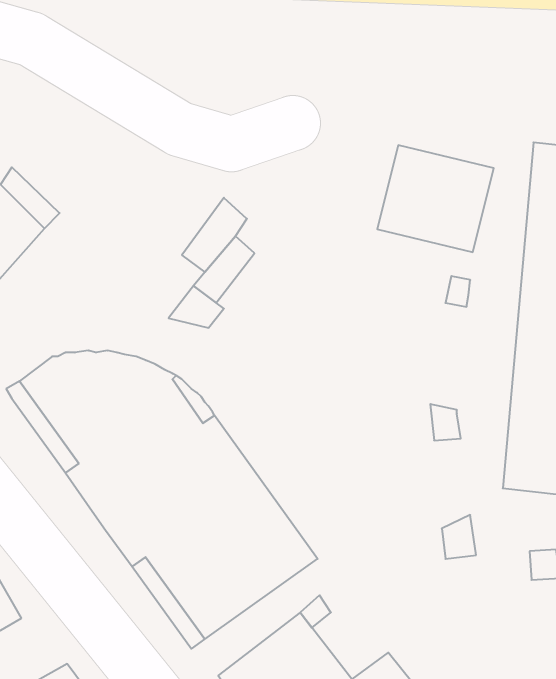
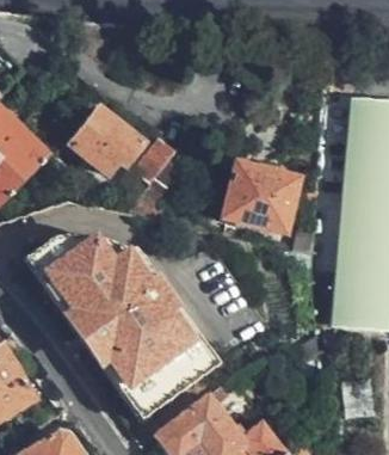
building: [377,145,494,252] -> [224,164,297,230]
building: none -> [72,109,143,173]

